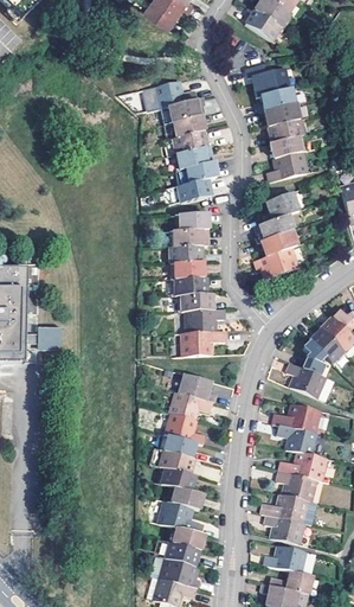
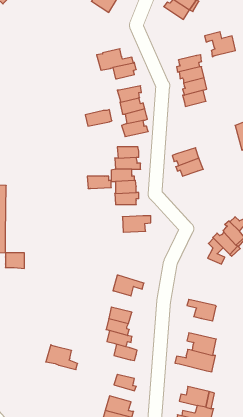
building: [244,63,287,97] -> [205,32,235,57]
building: [176,114,213,136] -> [85,110,112,126]
building: [265,152,305,183] -> none
building: [257,193,292,224] -> none
building: [251,248,295,279] -> none
building: [180,294,213,311] -> [87,176,111,188]
building: [37,327,63,349] -> [5,253,24,268]
building: [182,331,225,354] -> none
building: [287,363,328,398] -> none
building: [179,372,217,402] -> none
building: [271,403,317,433] -> none
building: [167,413,206,445] -> none
building: [276,451,323,480] -> none
building: [160,499,204,533] -> [46,345,78,370]
building: [260,513,301,544] -> none
building: [165,541,201,564] -> none

